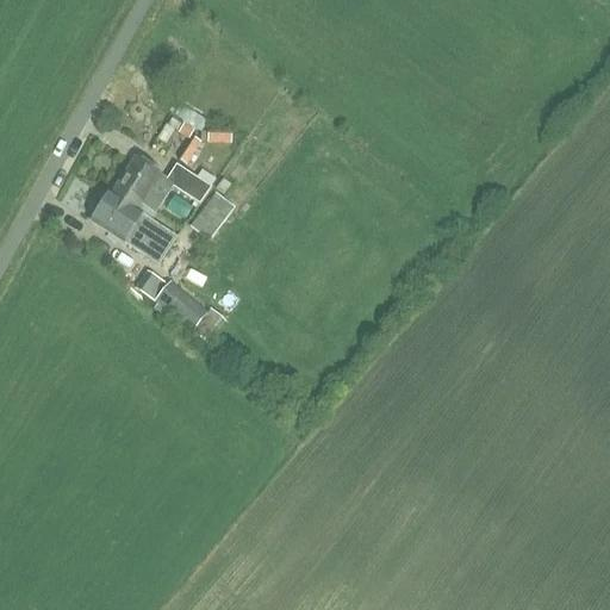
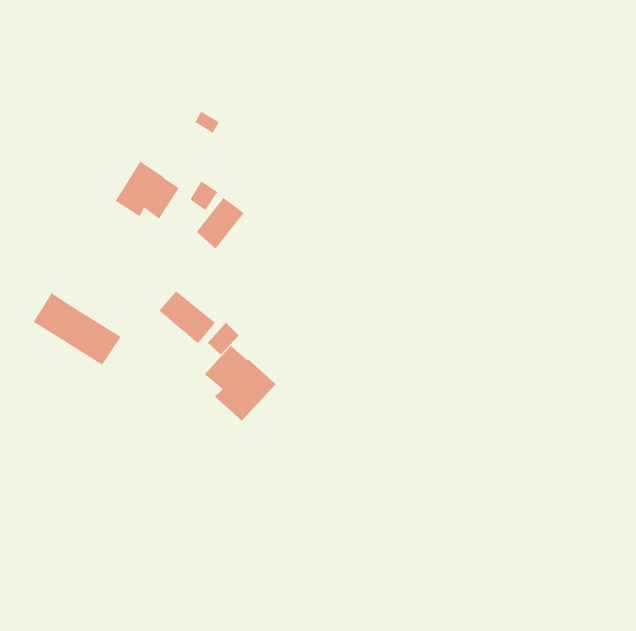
building: [89,189,174,260] -> [33,292,121,365]
building: none -> [204,345,277,421]

